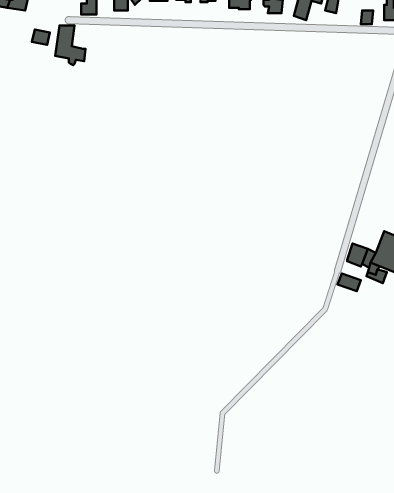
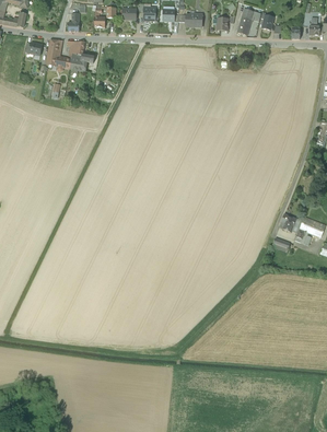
building: none -> [67,39,86,71]

